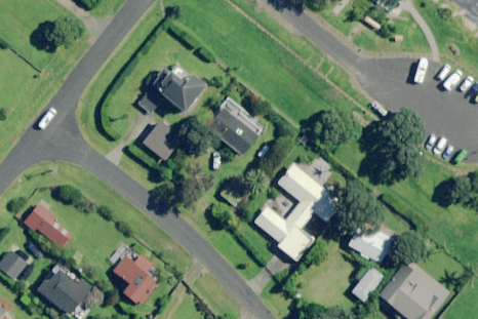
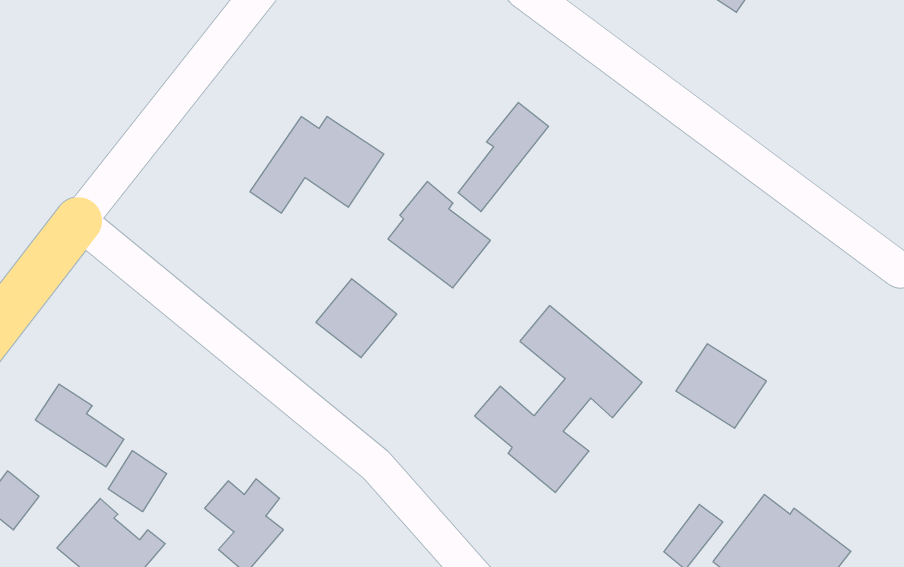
building: none -> [458,102,548,212]
building: [141,121,183,162] -> [316,279,397,358]
building: [347,220,394,264] -> [676,344,766,428]
building: none -> [108,451,167,512]

